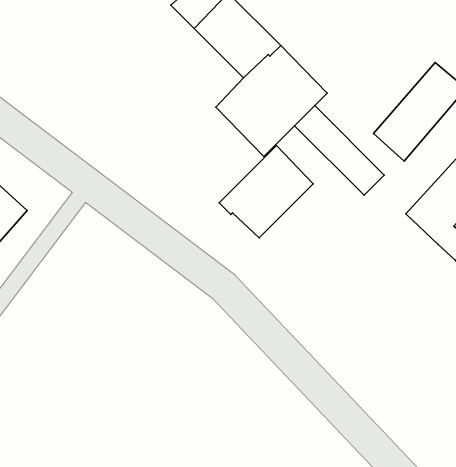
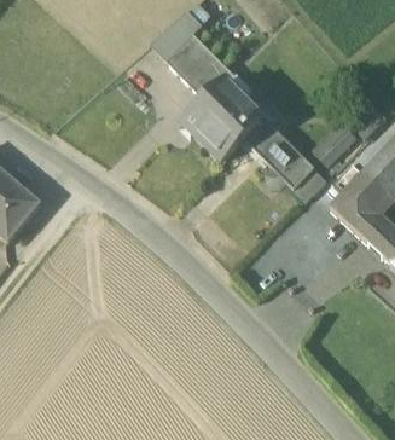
building: [219,146,313,238] -> none

